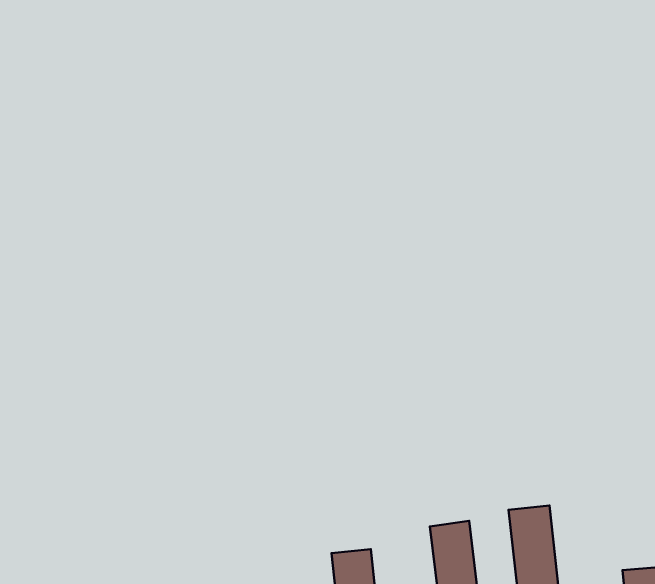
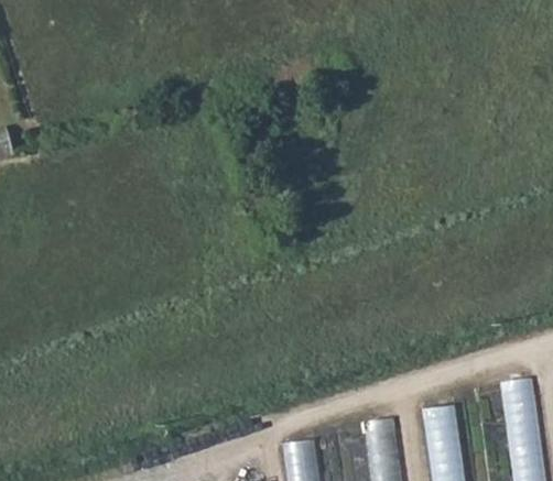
building: none -> [505,378,532,428]

